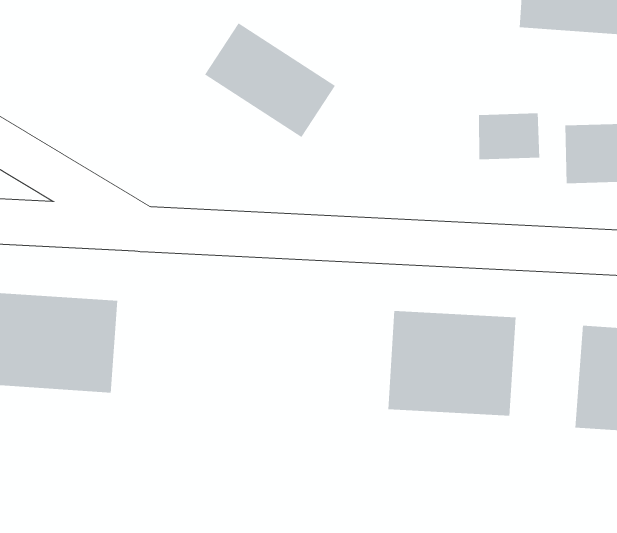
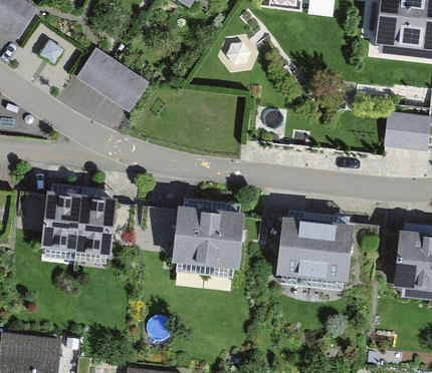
building: [204,23,336,138] -> [70,43,149,114]
building: [478,113,540,160] -> none
building: none -> [162,202,247,269]

